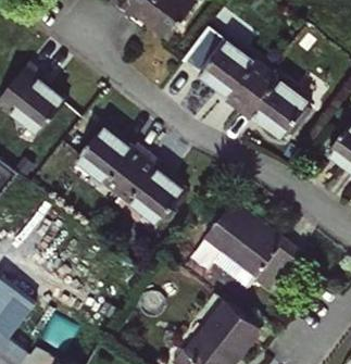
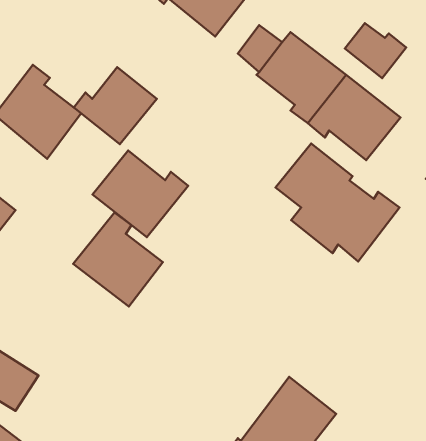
building: none -> [345,23,406,78]
building: none -> [74,67,157,144]
building: [115,155,184,227] -> [73,212,163,306]
building: [205,201,300,291] -> [275,143,399,262]

